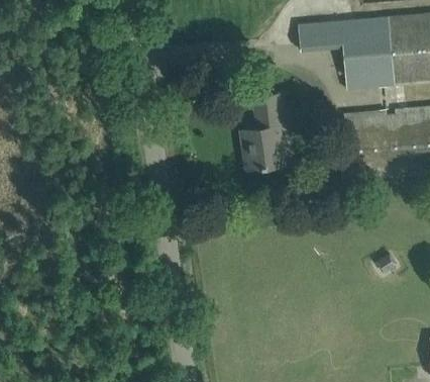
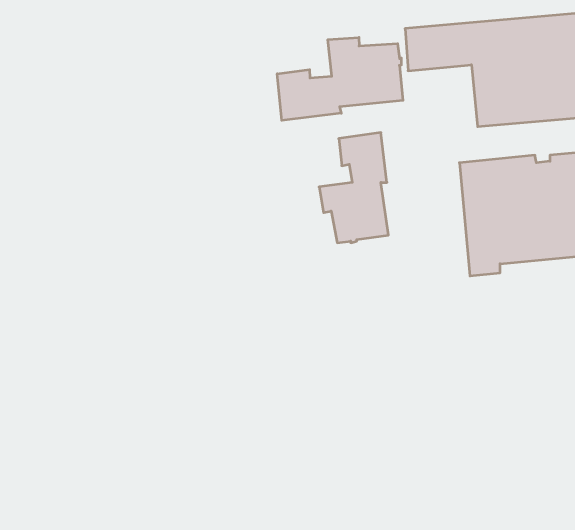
building: none -> [277,37,403,120]

